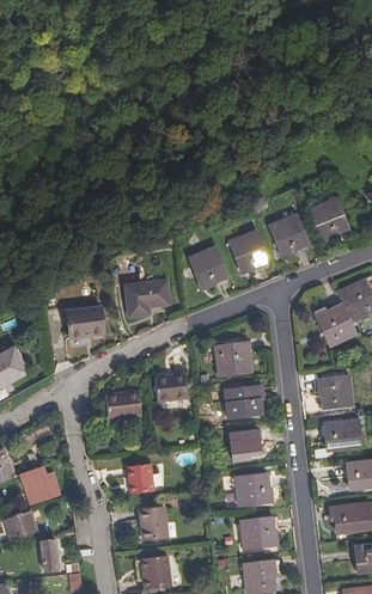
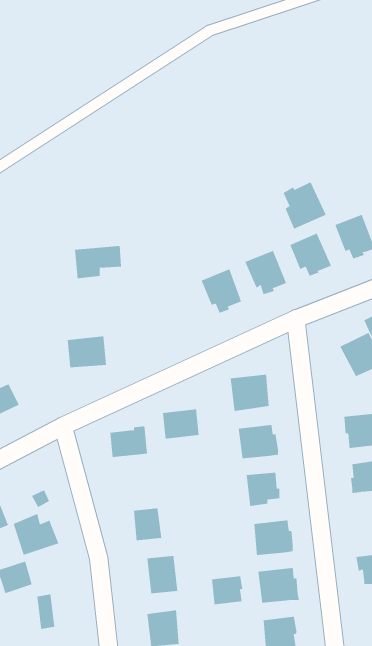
building: none -> [283,182,327,229]
building: [126,281,169,311] -> [74,246,122,279]
building: none -> [212,575,243,605]

